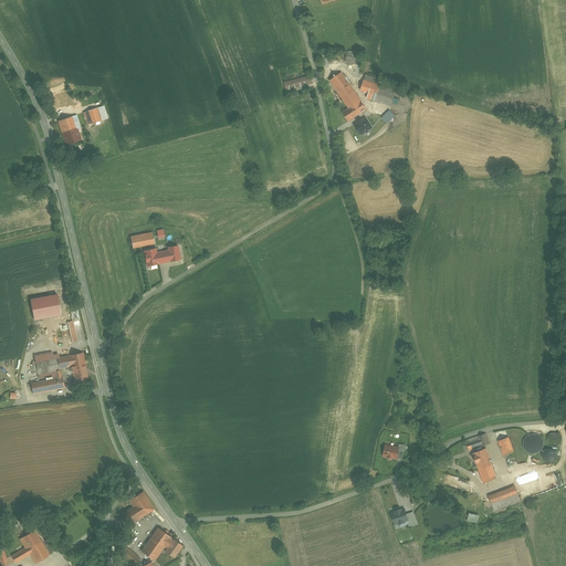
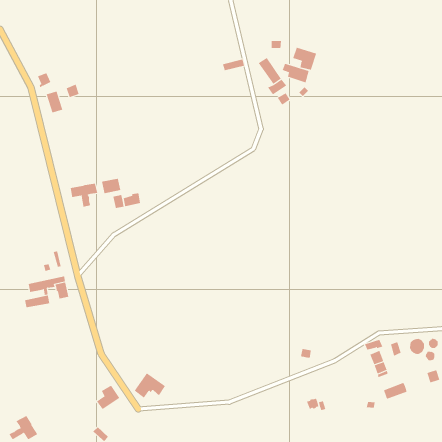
building: none -> [293,47,317,71]
building: none -> [70,183,98,207]
building: [31,294,61,319] -> none
building: [142,527,182,560] -> [134,372,166,398]

